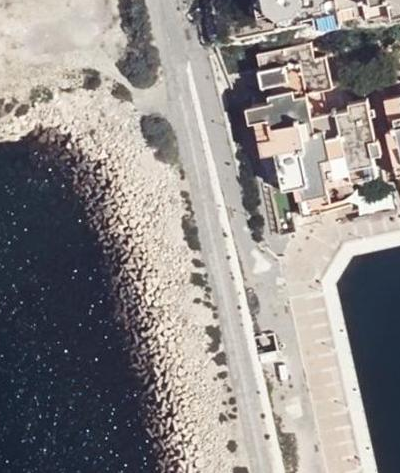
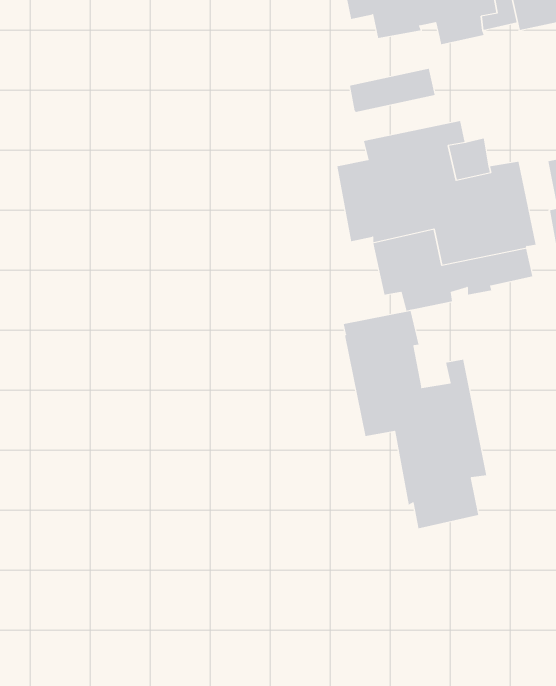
building: [258,62,329,94] -> none
building: none -> [343,310,487,529]

